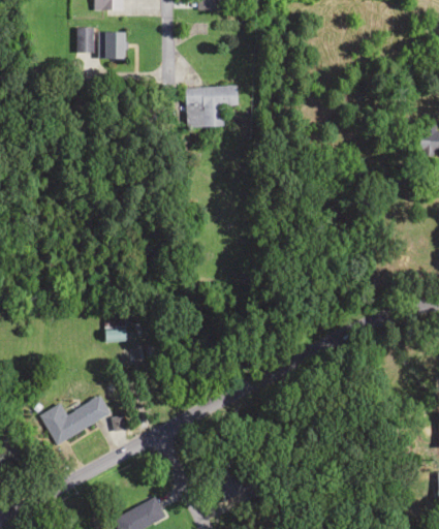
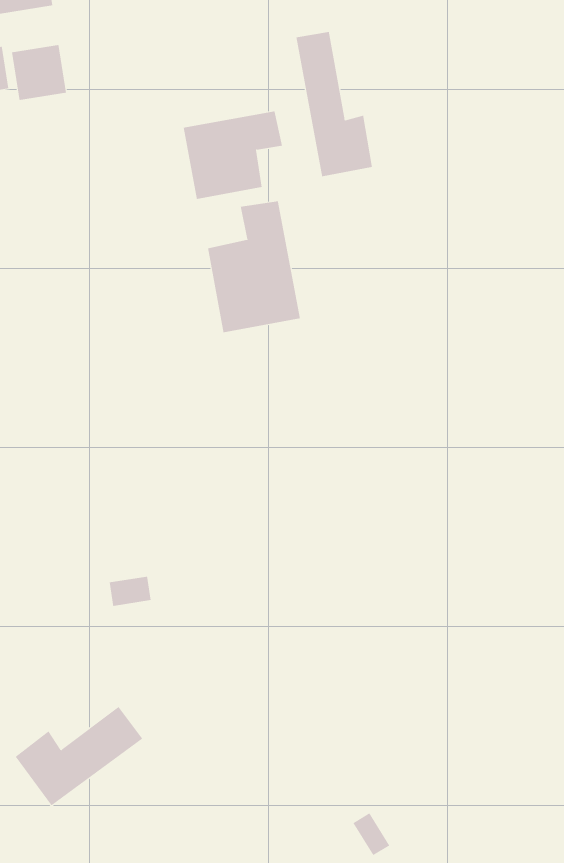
building: none -> [296,31,372,177]
building: none -> [207,200,301,333]

